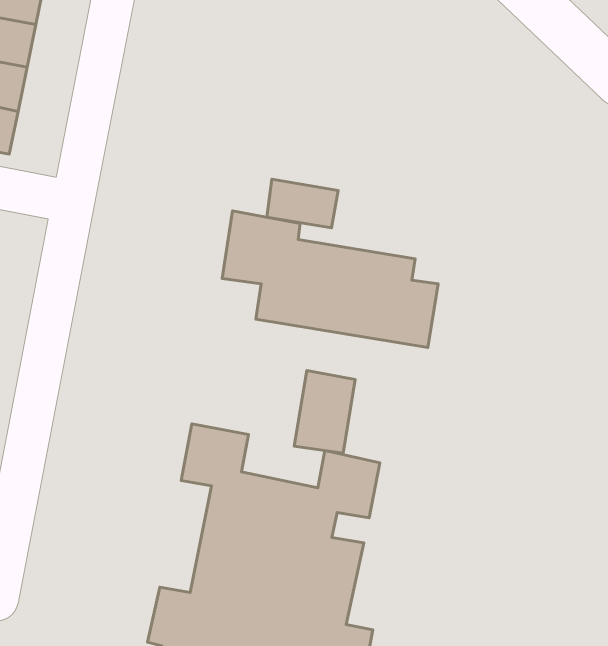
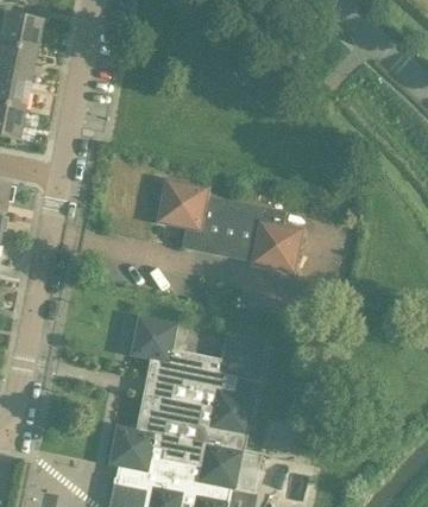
building: [267,179,338,228] -> none
building: [294,370,355,453] -> none

